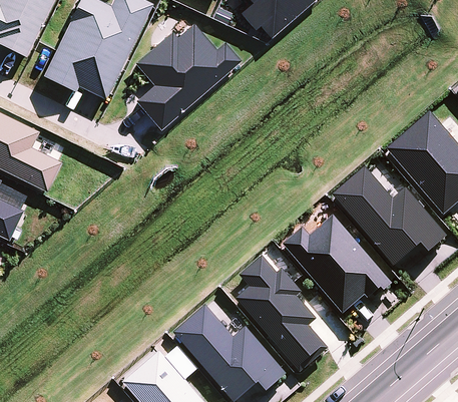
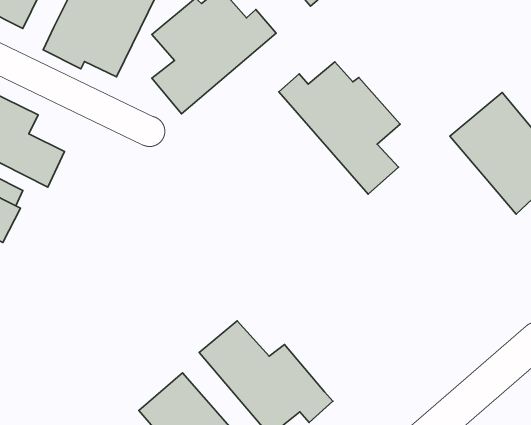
building: none -> [279,62,400,194]
building: [334,167,448,266] -> none
building: [283,216,393,315] -> none
building: [237,256,330,372] -> none

